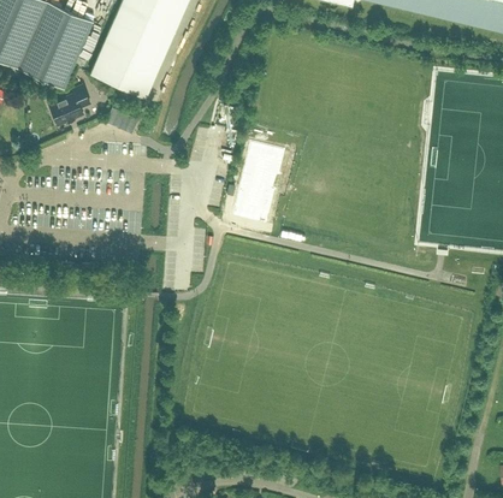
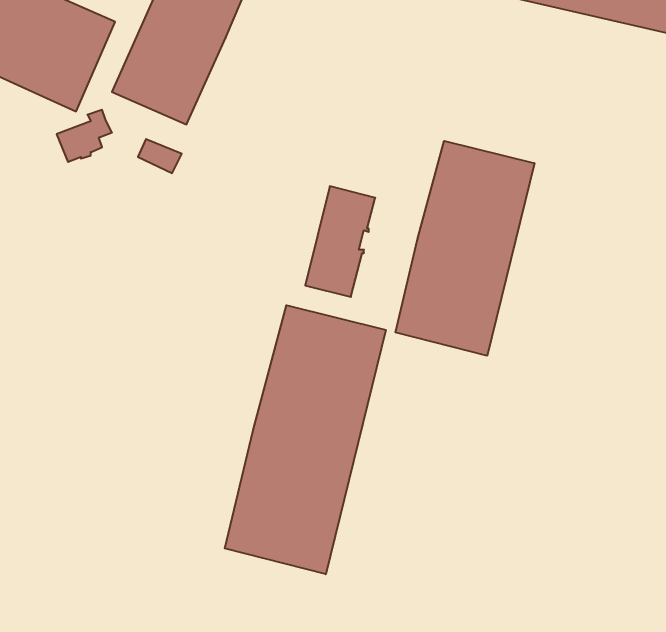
building: none -> [395,141,534,356]
building: none -> [225,305,386,574]

